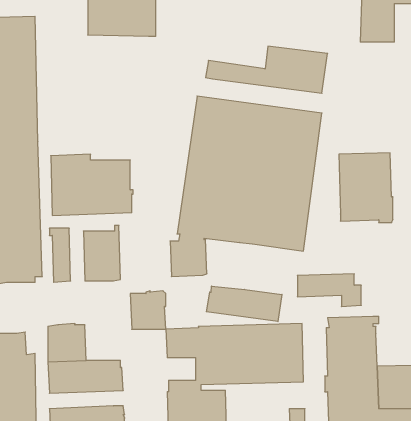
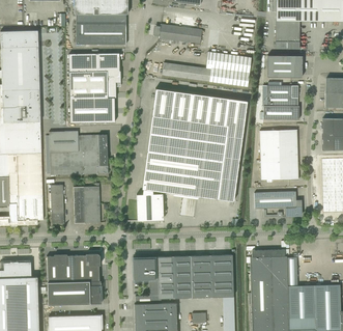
building: none -> [159,24,201,44]
building: none -> [69,53,120,122]
building: none -> [267,55,302,77]
building: none -> [263,85,298,119]
building: [297,274,361,307] -> [254,192,301,216]
building: [206,286,282,322] -> none
building: [130,291,166,329] -> [74,253,99,281]

